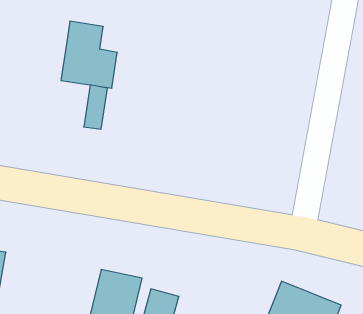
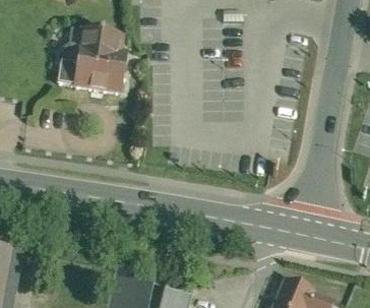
building: [84,85,108,129] -> [59,43,81,84]

